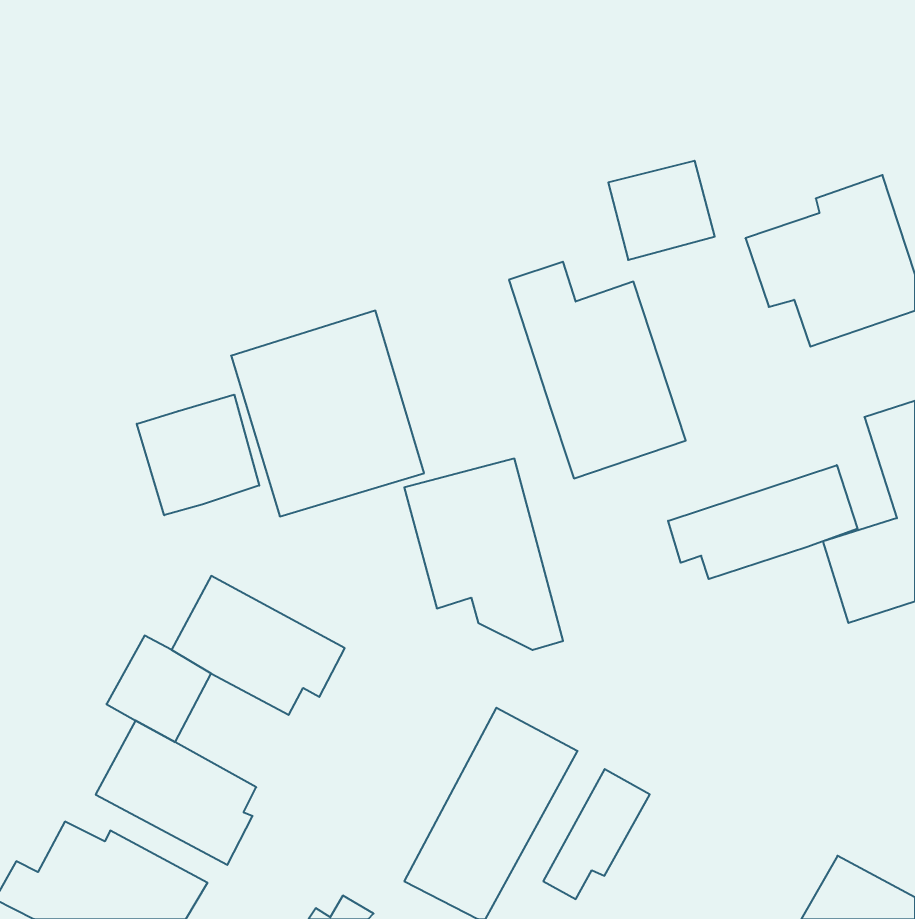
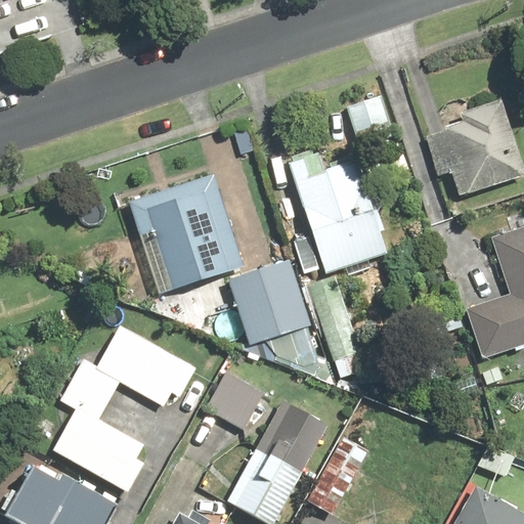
building: [137,395,259,515] -> none
building: [668,465,857,579] -> none
building: none -> [206,372,278,430]

